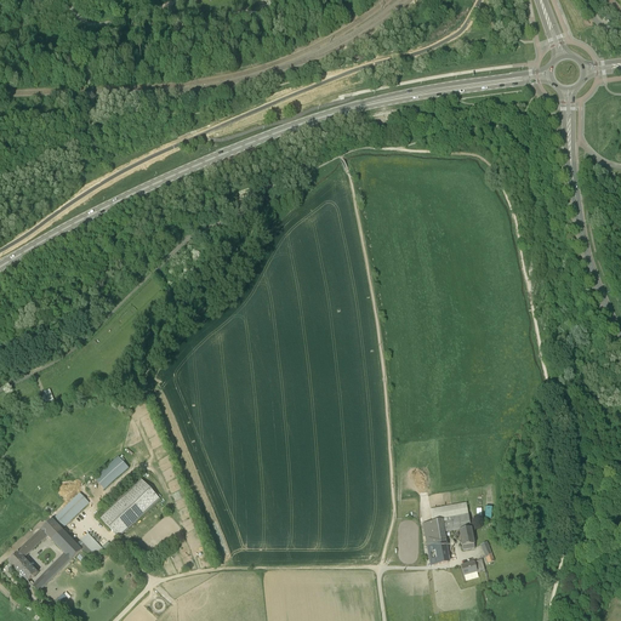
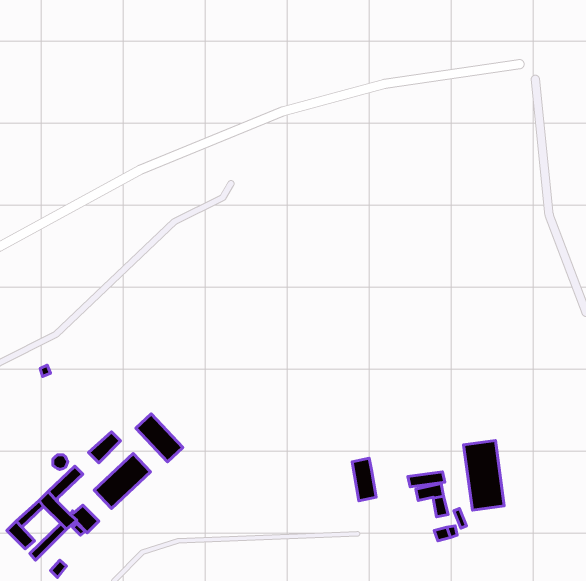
building: none -> [136,414,183,462]
building: none -> [464,441,504,510]
building: [421,517,446,562] -> [352,458,376,501]

